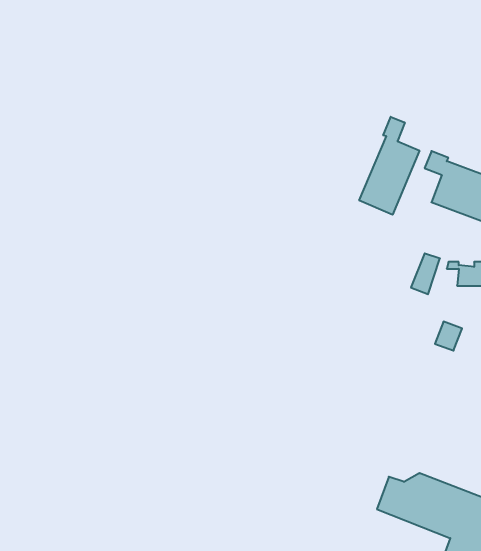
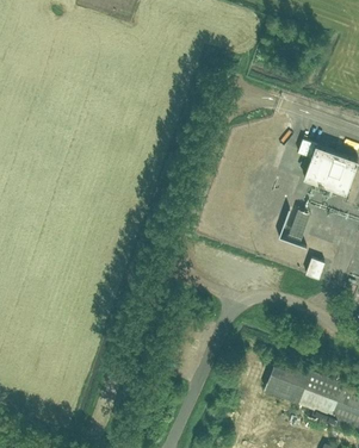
building: [359,117,419,215] -> none

